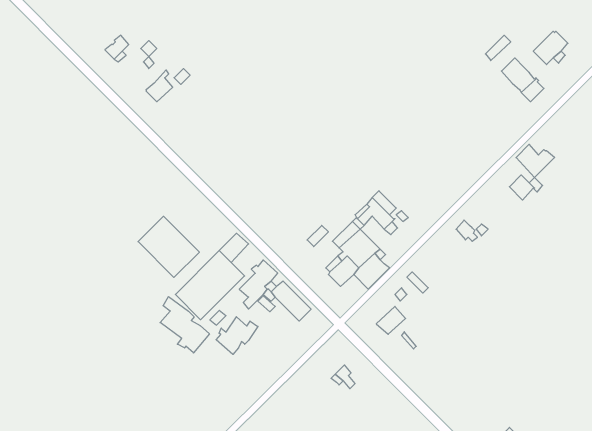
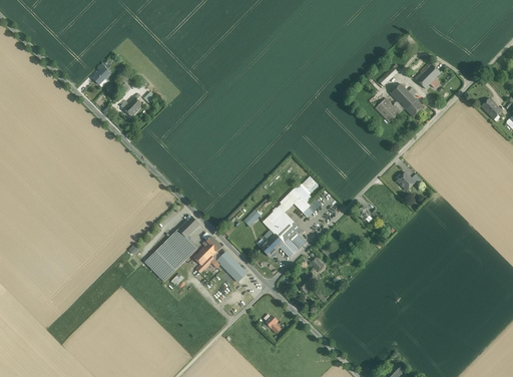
building: [516,144,555,177] -> [376,97,405,122]
building: [138,216,199,277] -> none
building: [160,297,209,353] -> none
building: [216,317,258,354] -> none

